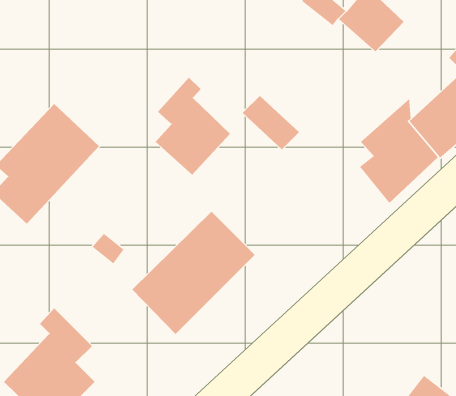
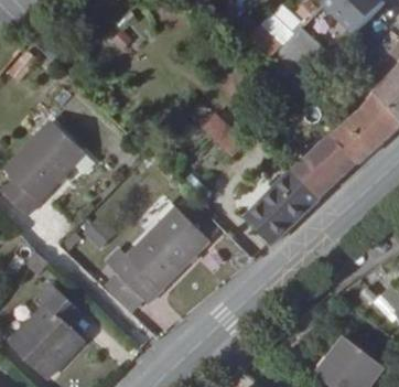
building: [155,77,231,175] -> none
building: none -> [244,172,317,246]

